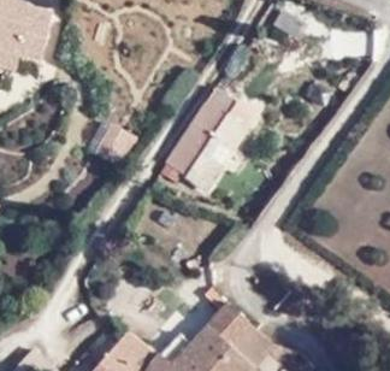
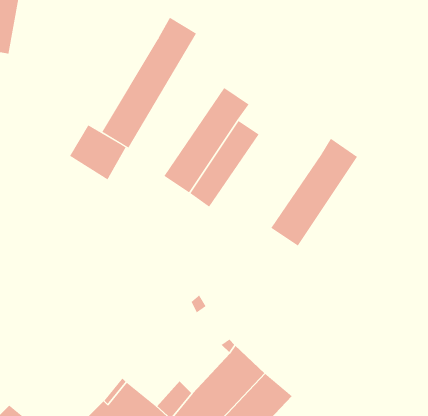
building: none -> [101,17,197,149]
building: none -> [271,138,358,246]

